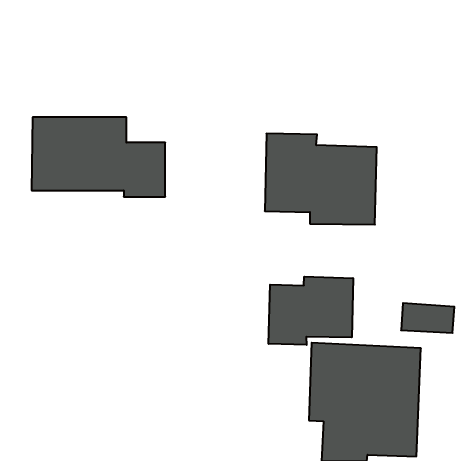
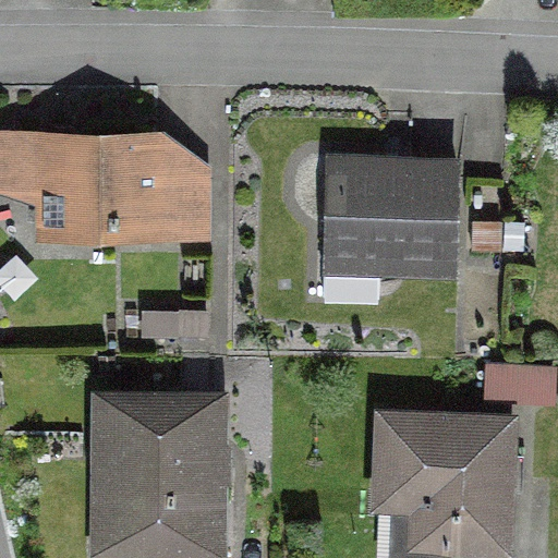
building: [269,277,353,345] -> none
building: none -> [102,403,227,548]

